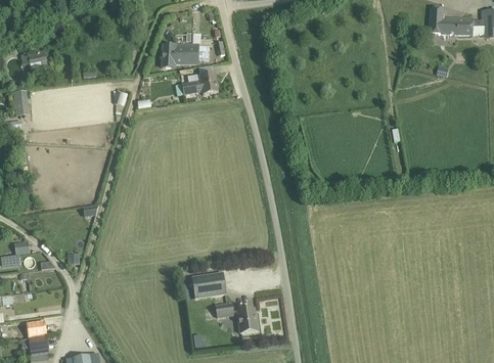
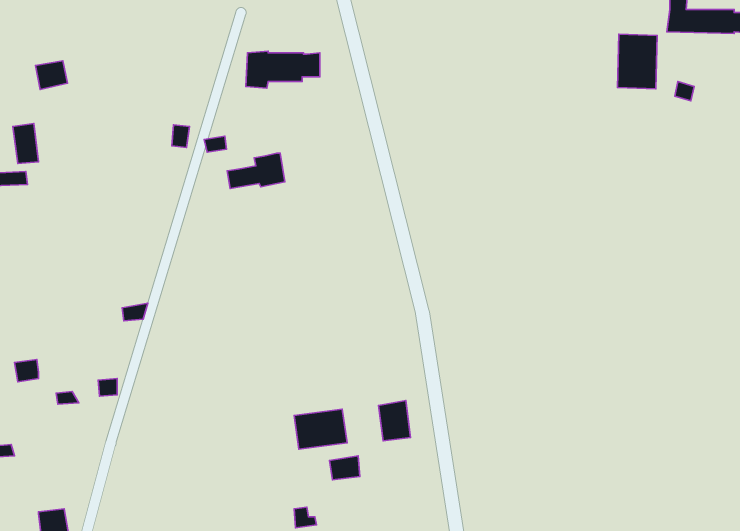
building: none -> [617,34,657,89]
building: [181,71,218,93] -> [227,153,285,188]
building: [236,306,257,331] -> [378,401,411,441]

